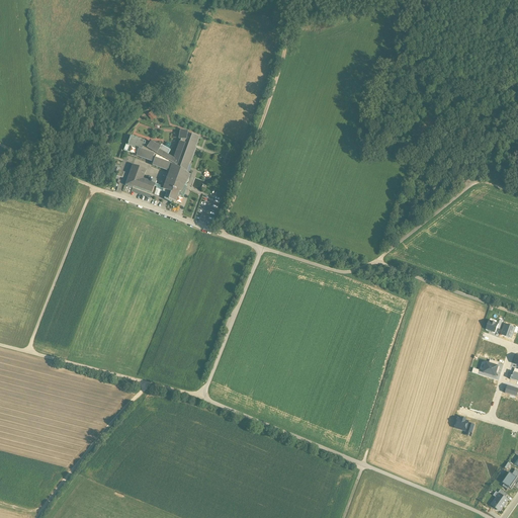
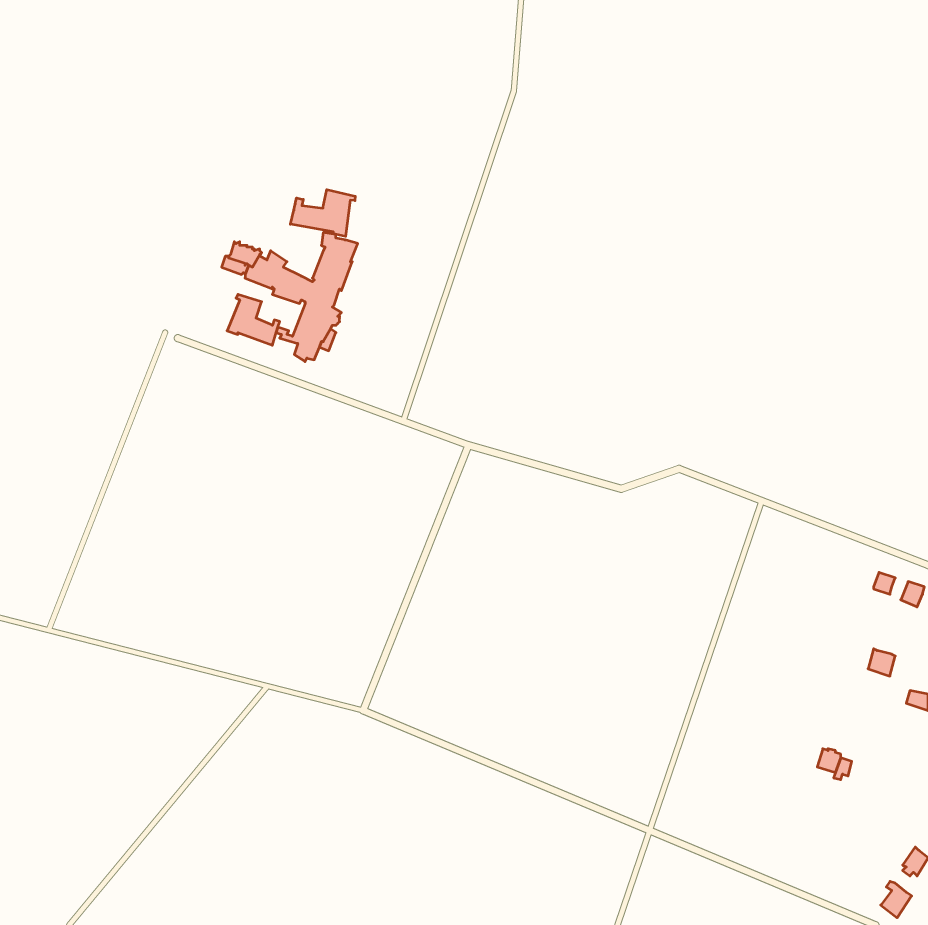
building: none -> [290,190,355,236]

